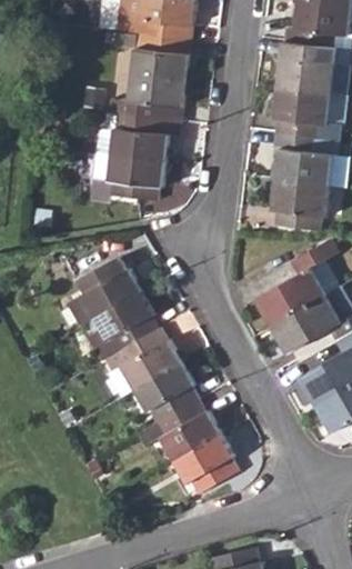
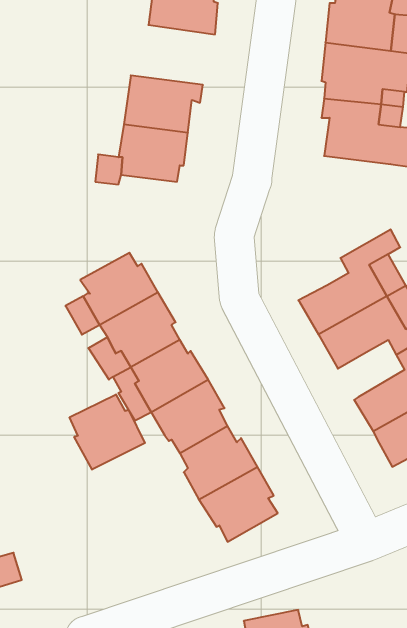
building: [118,72,187,121] -> none
building: [271,179,330,230] -> none
building: none -> [70,394,145,470]

